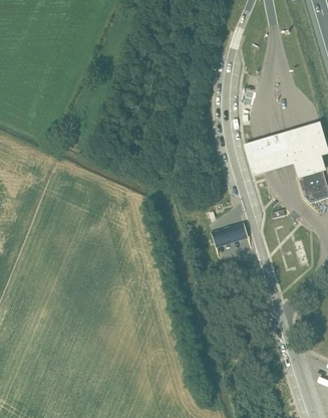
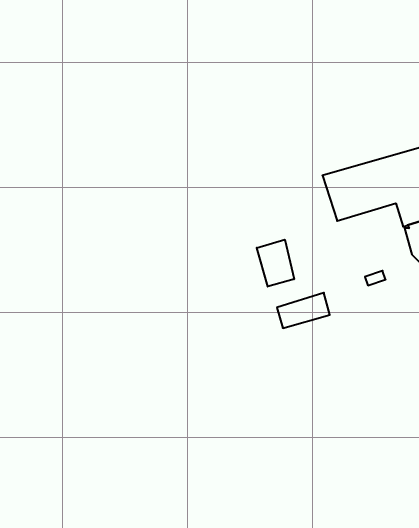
building: none -> [257,240,294,287]

